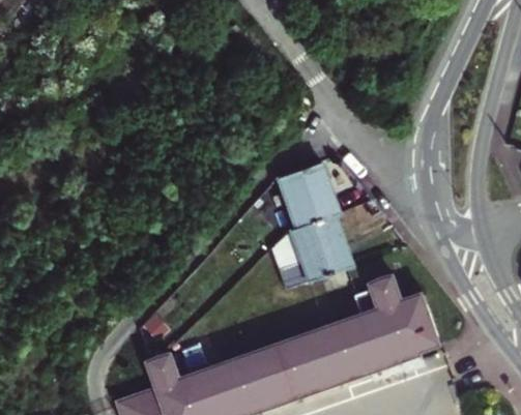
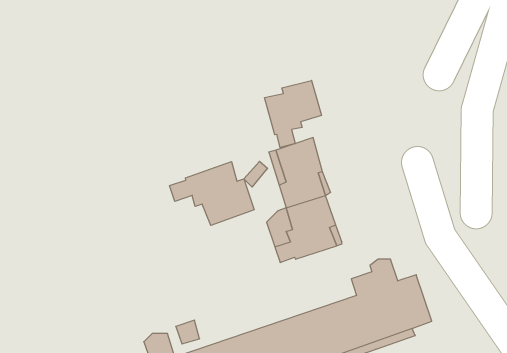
building: none -> [265,80,321,148]
building: none -> [169,162,254,225]

